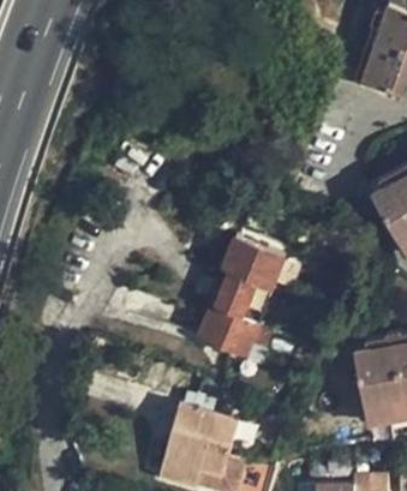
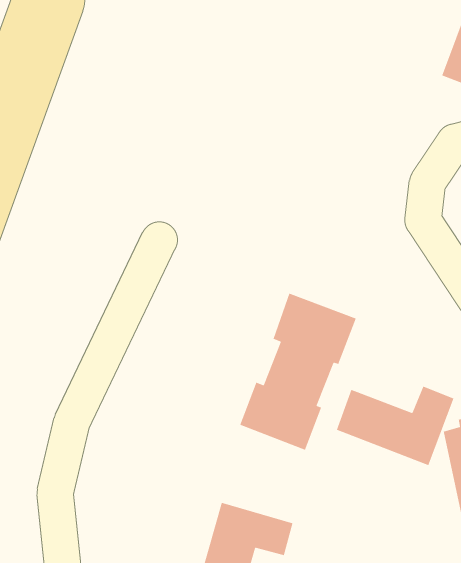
building: none -> [336,386,454,466]

